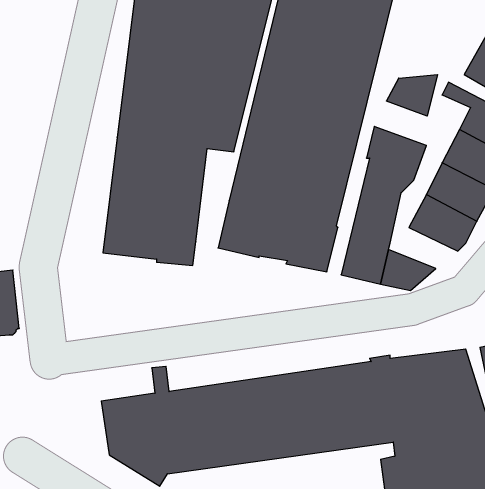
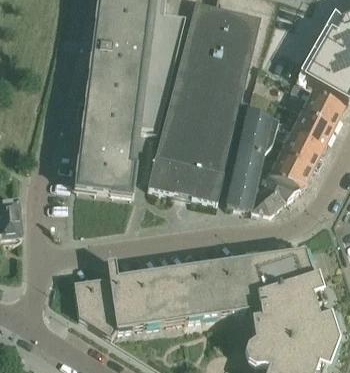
building: [386,75,437,116] -> none
building: none -> [255,173,299,199]

